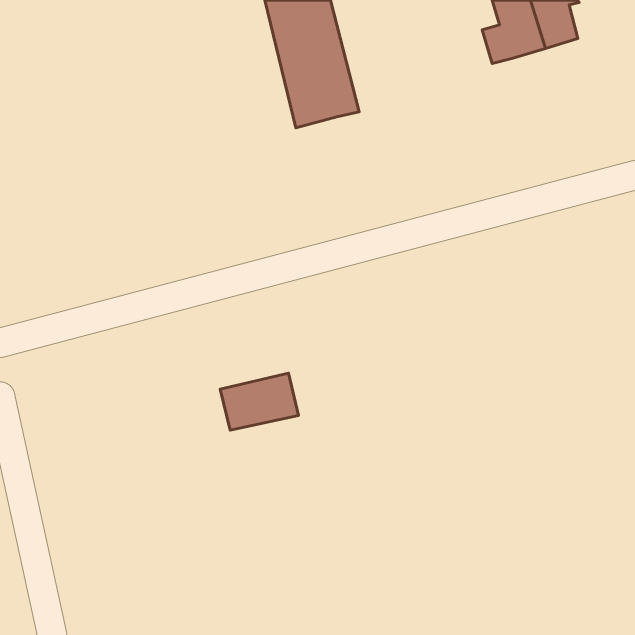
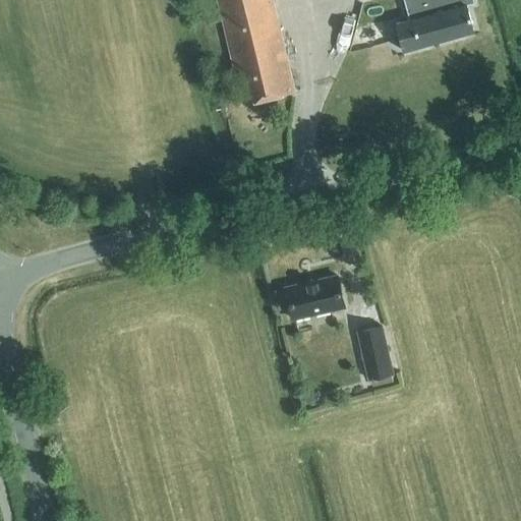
building: [220,373,299,430] -> [283,274,347,321]
building: none -> [356,325,394,387]

